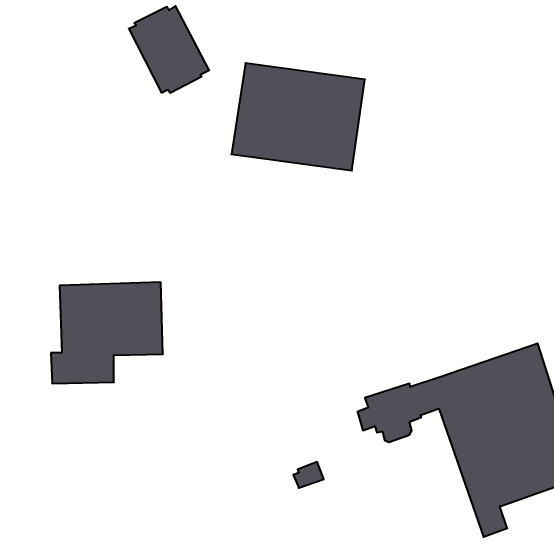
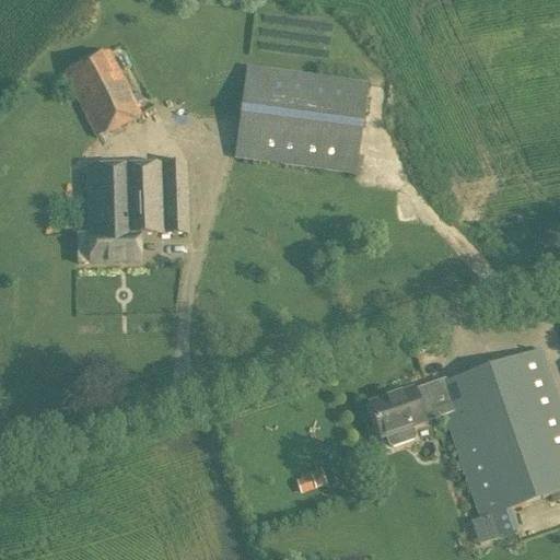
building: [129,6,209,93] -> [62,47,143,135]
building: [51,282,163,383] -> [77,160,189,261]

